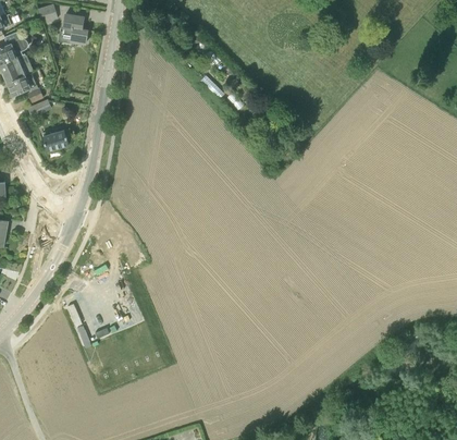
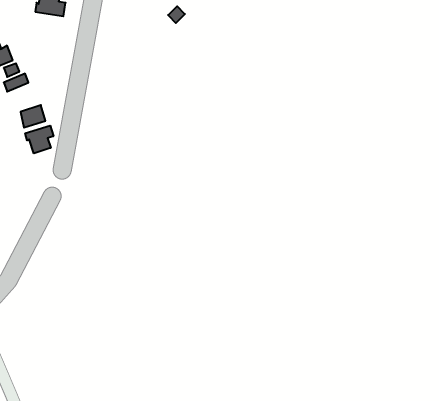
building: none -> [25,126,53,153]

